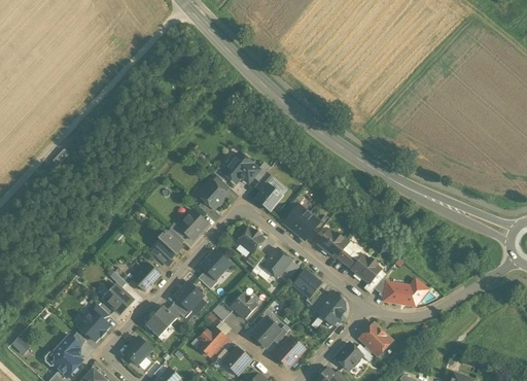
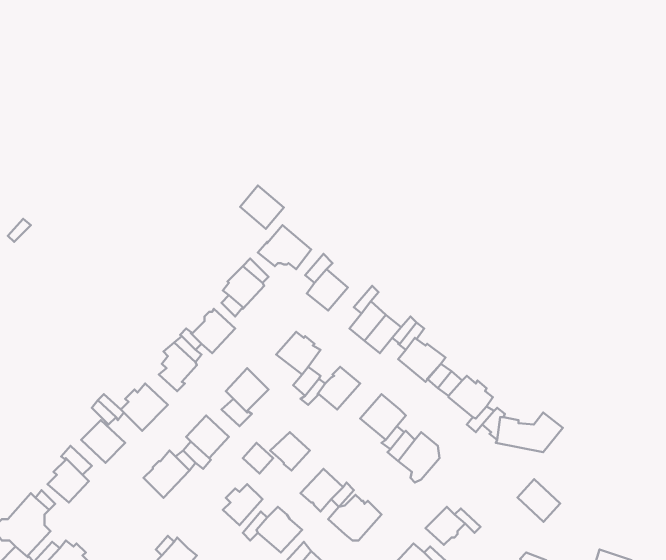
building: none -> [240,186,284,229]
building: [361,325,390,354] -> [518,479,560,522]
building: [124,338,151,366] -> none

